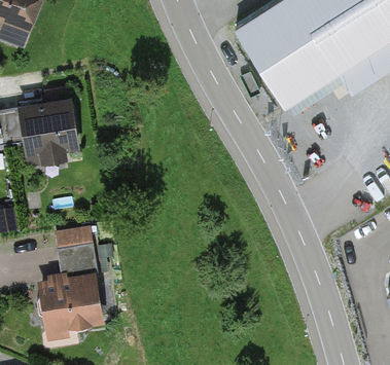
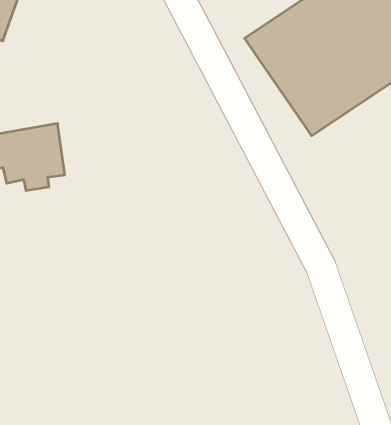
building: [35,231,102,341] -> none

